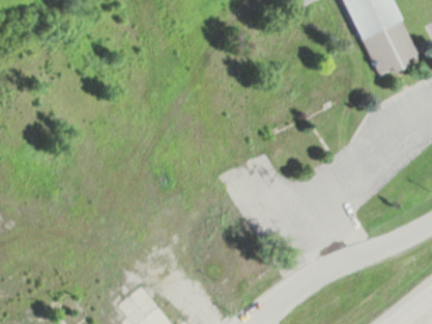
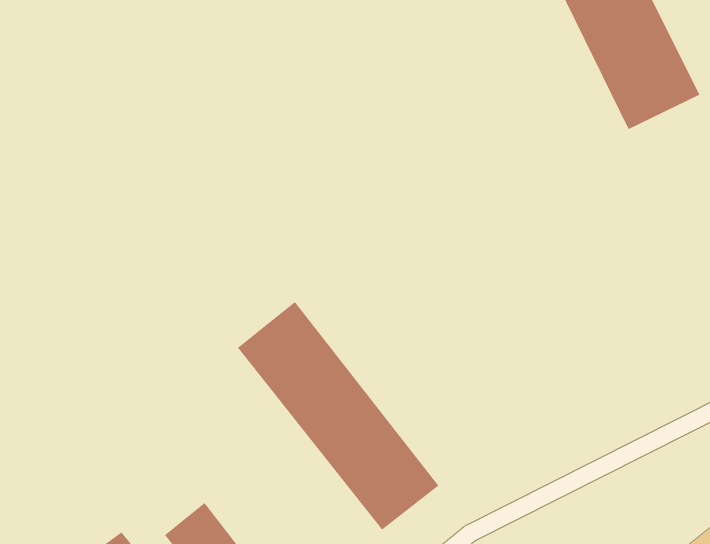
building: none -> [237,301,439,530]

